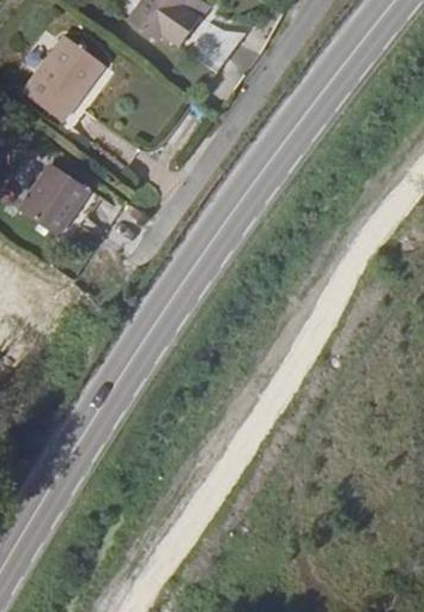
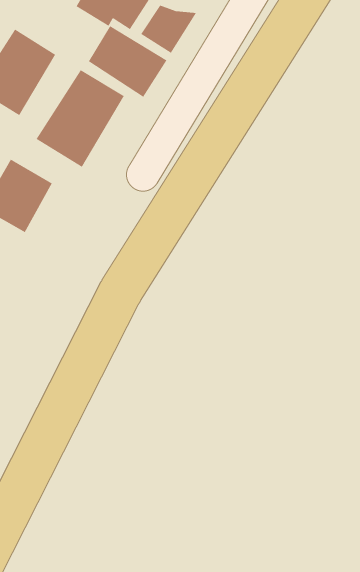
building: none -> [88,25,167,98]
building: none -> [36,69,125,168]

